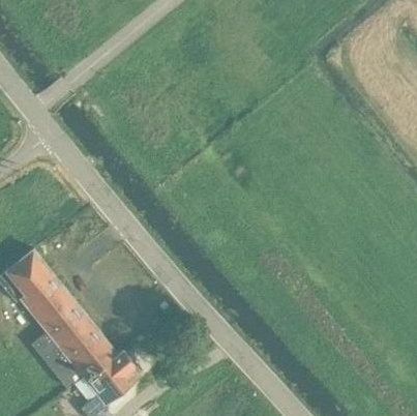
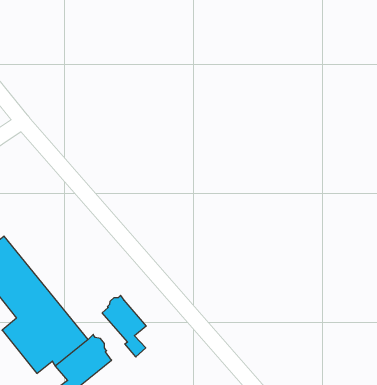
building: none -> [102,295,146,357]

